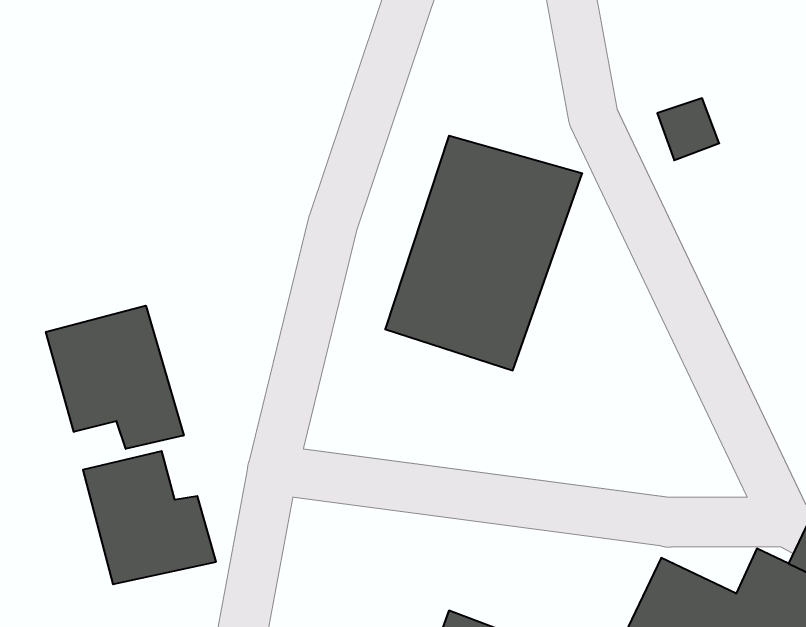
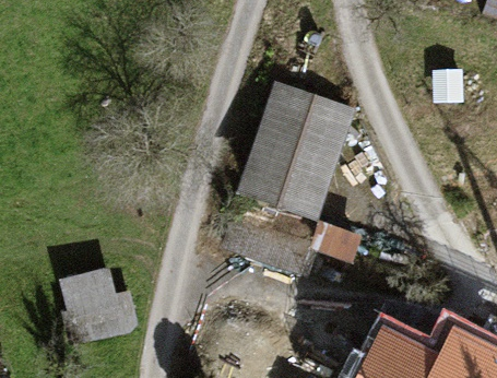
building: [46,306,184,449] -> none

